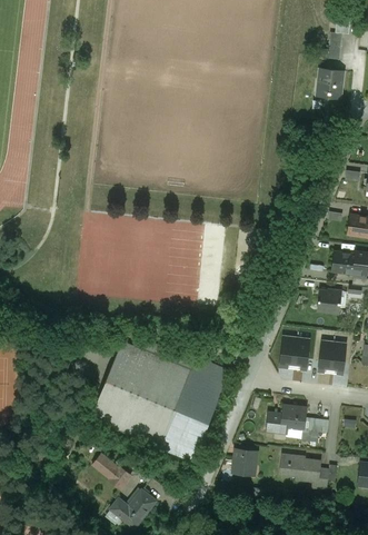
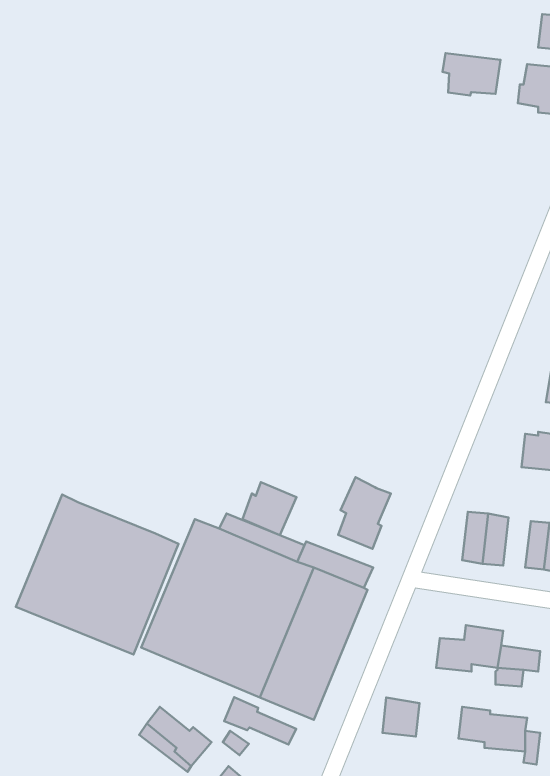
building: none -> [443,53,501,96]
building: none -> [338,477,391,549]
building: none -> [242,482,296,535]
building: none -> [16,495,179,655]
building: none -> [224,697,296,745]

